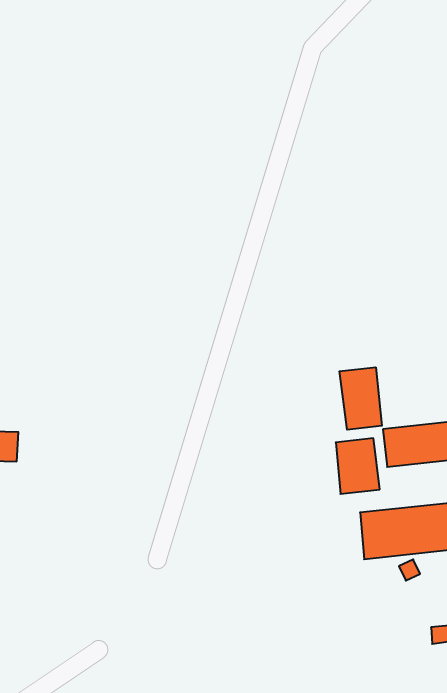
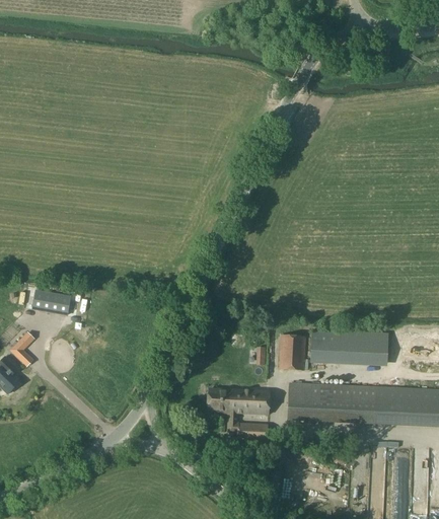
building: [339,367,382,430] -> none
building: none -> [210,388,269,441]

